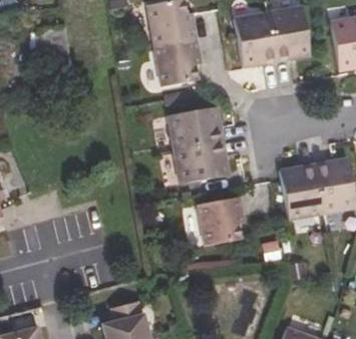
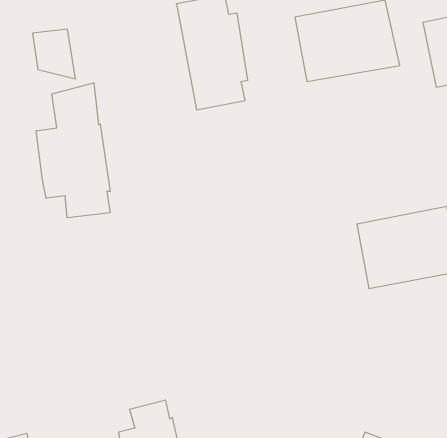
building: none -> [36,83,110,218]
building: [168,108,229,184] -> none
building: [195,197,242,246] -> none

